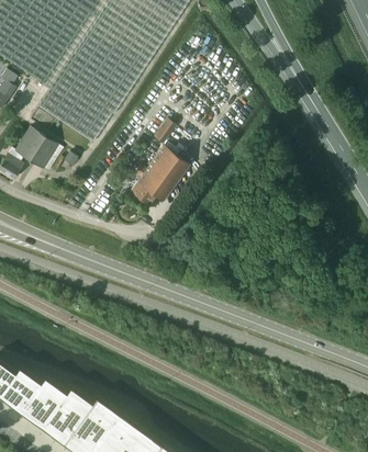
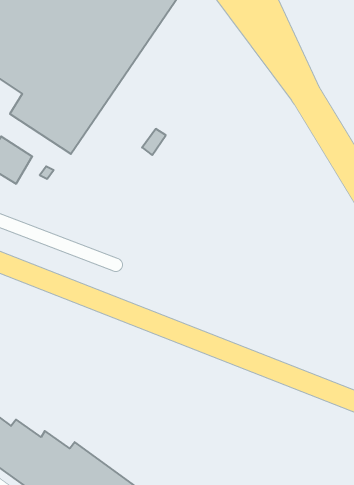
building: [131,146,189,205] -> none

